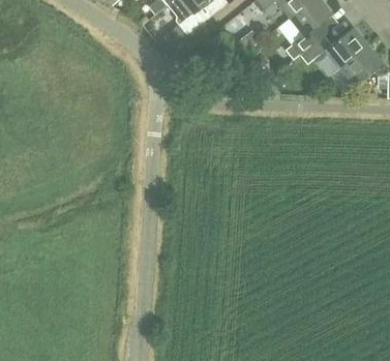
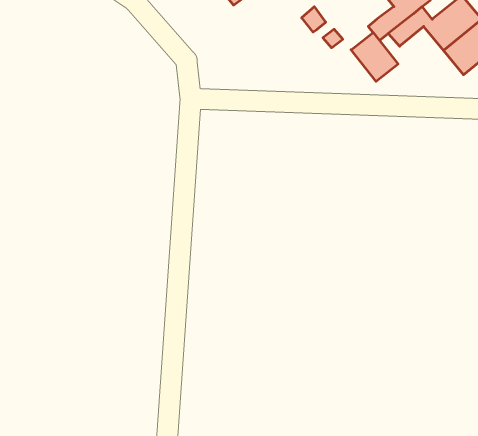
building: none -> [351,33,398,81]

